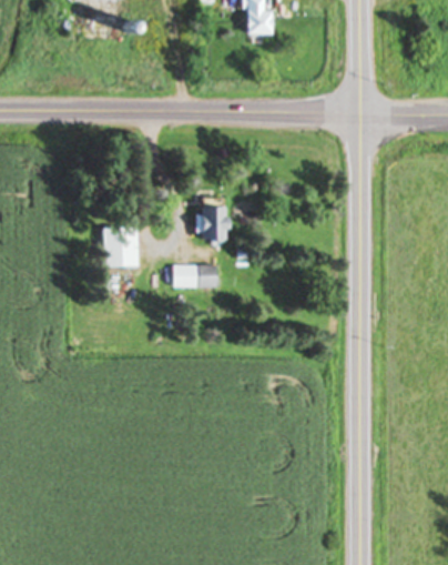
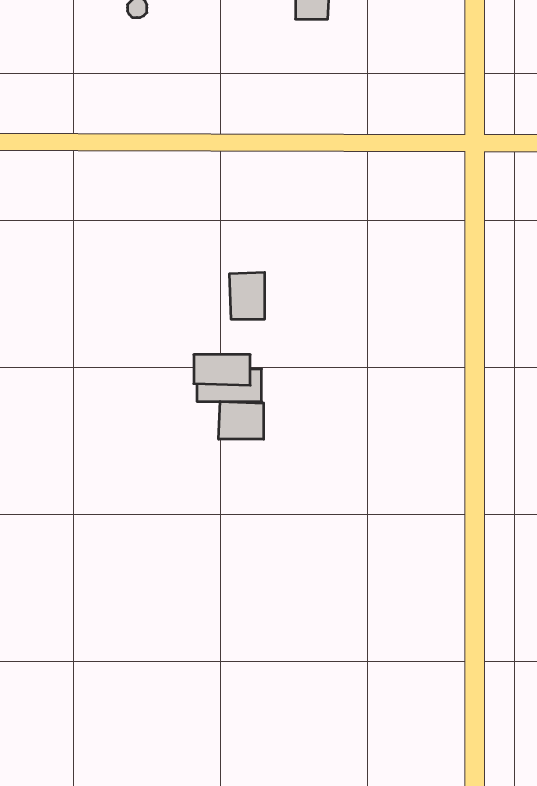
building: [105,226,138,264] -> none
building: none -> [219,401,264,439]

